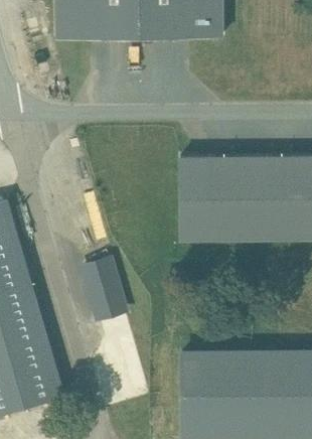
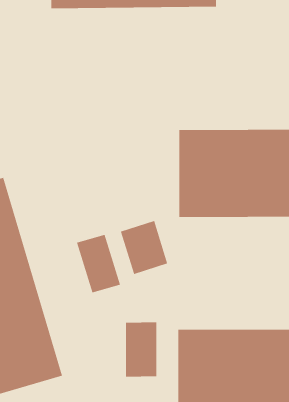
building: none -> [120,220,168,275]
building: none -> [126,321,157,377]

